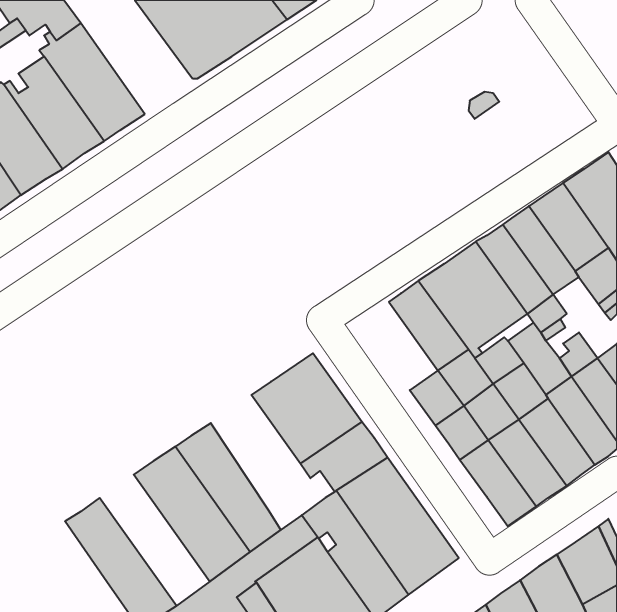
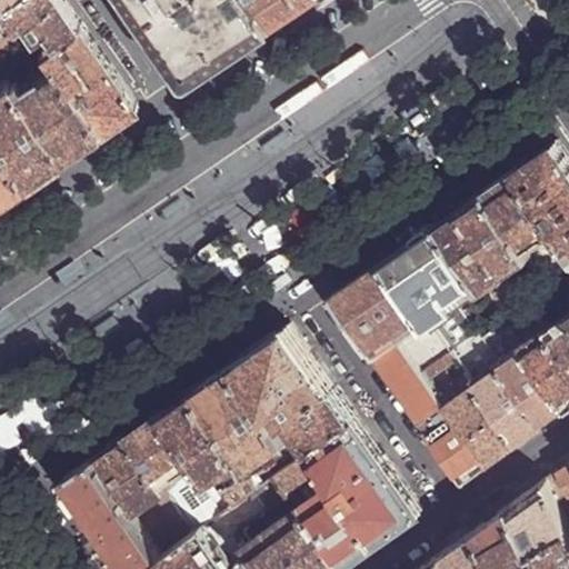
building: none -> [327,287,397,367]
building: none -> [191,371,283,476]
building: none -> [90,443,190,562]

